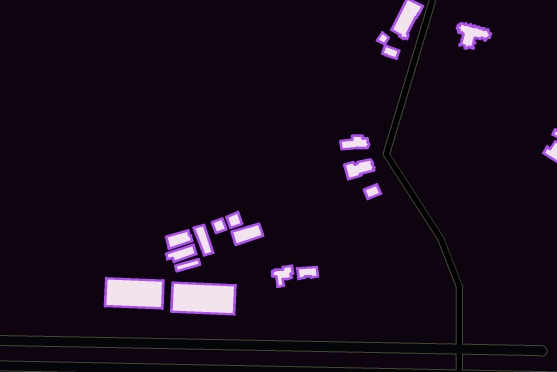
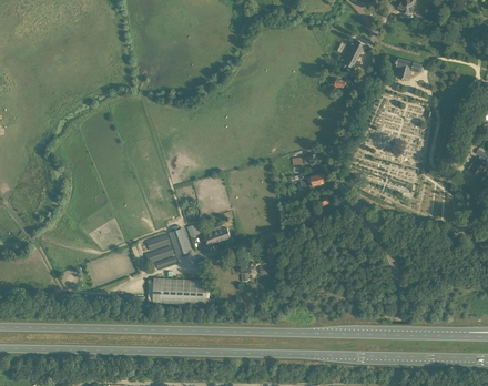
building: [105,278,163,309] -> none

